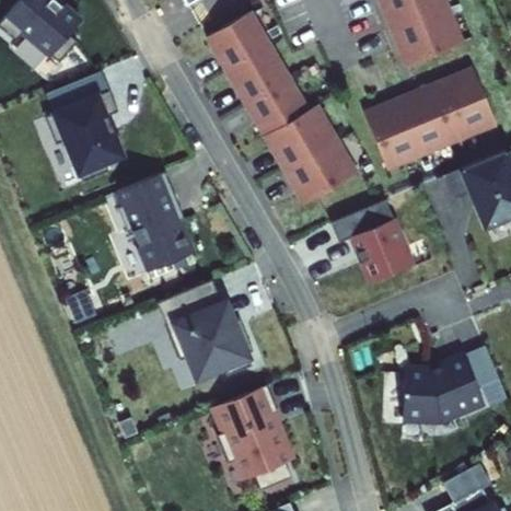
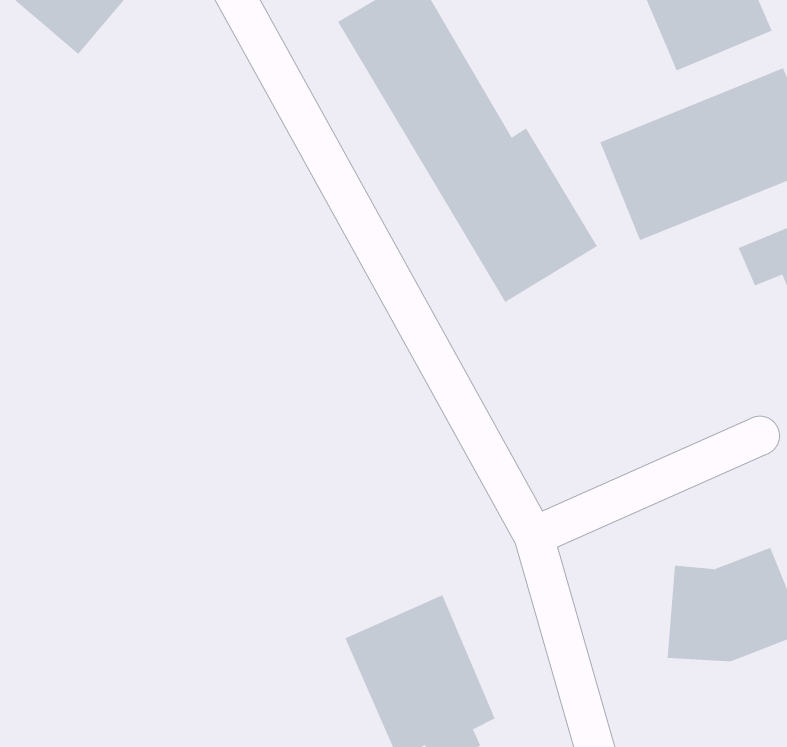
building: [48,90,125,175] -> none
building: [112,172,196,274] -> none
building: [333,198,413,283] -> none
building: [159,281,254,382] -> none

